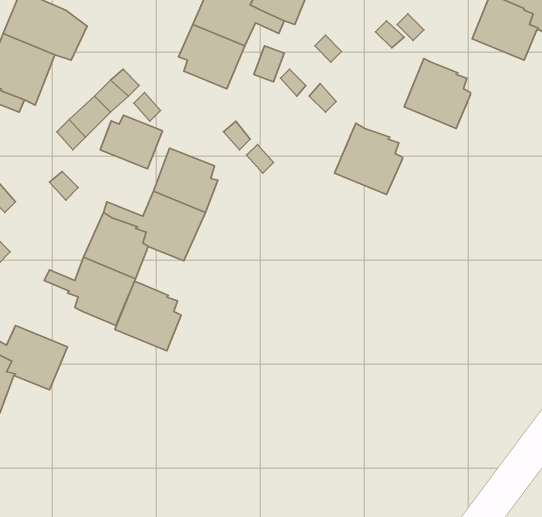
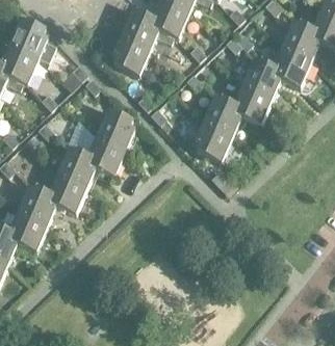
building: none -> [258,48,312,88]
building: none -> [220,87,273,126]
building: [100,115,163,169] -> none
building: none -> [195,126,232,163]
building: [115,281,181,351] -> [17,186,55,227]

